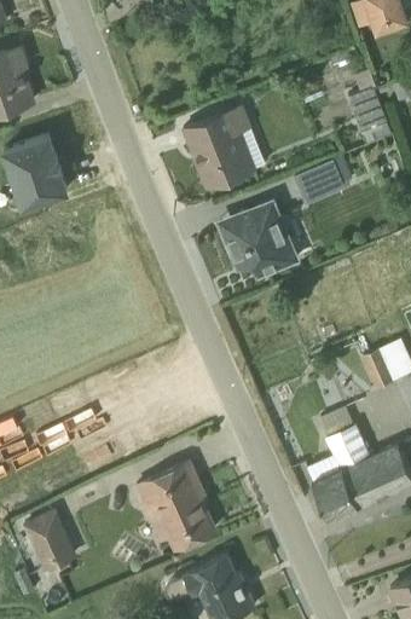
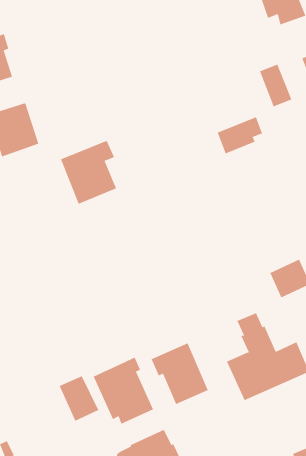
building: [183,105,255,187] -> [60,140,117,204]
building: [221,198,297,272] -> none
building: none -> [151,342,208,405]
building: [24,511,76,571] -> [59,375,99,422]

